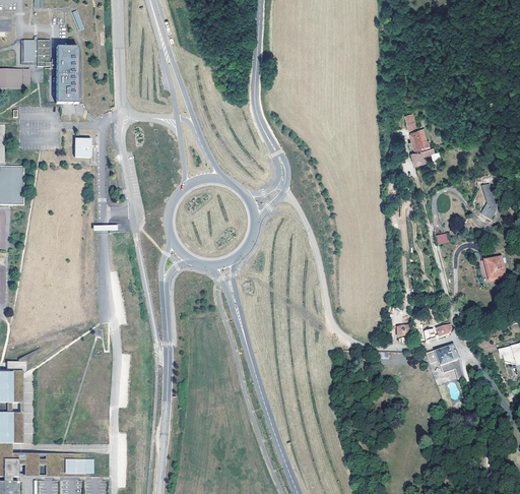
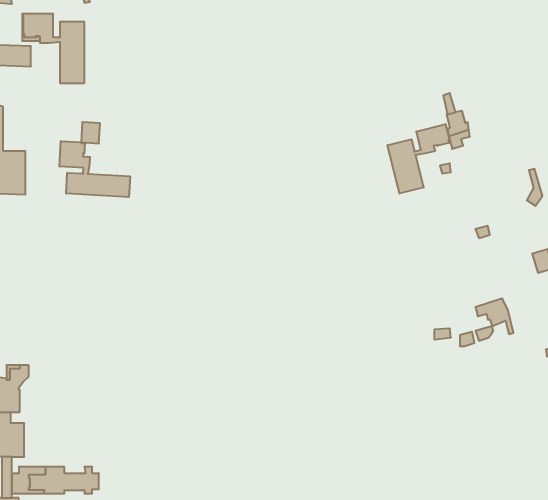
building: none -> [388,124,450,194]
building: none -> [60,141,130,197]
building: [428,347,462,379] -> [475,298,513,334]

